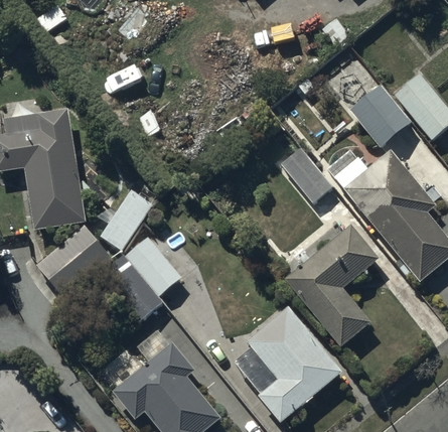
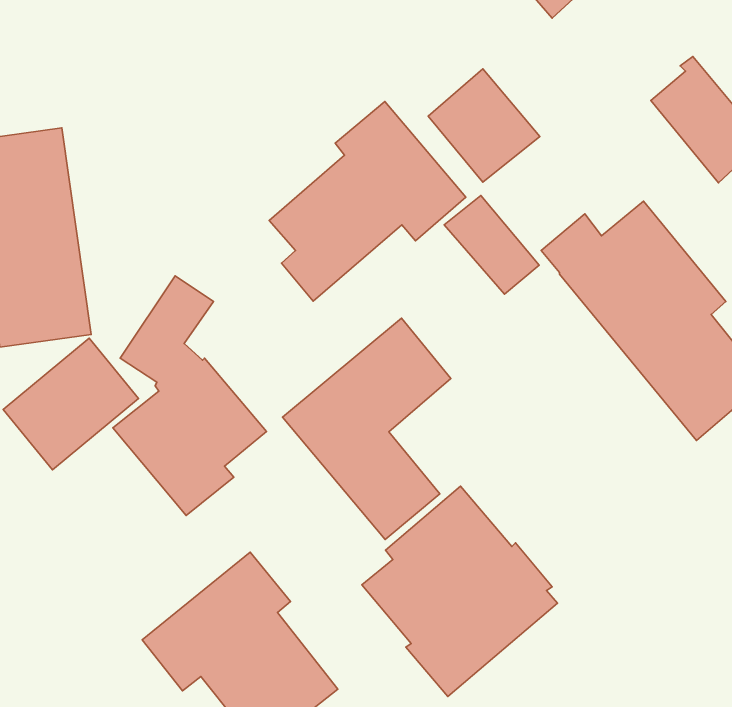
building: [348,84,410,146] -> [428,69,540,182]
building: none -> [269,101,466,301]
building: [284,225,377,346] -> [283,318,451,540]

